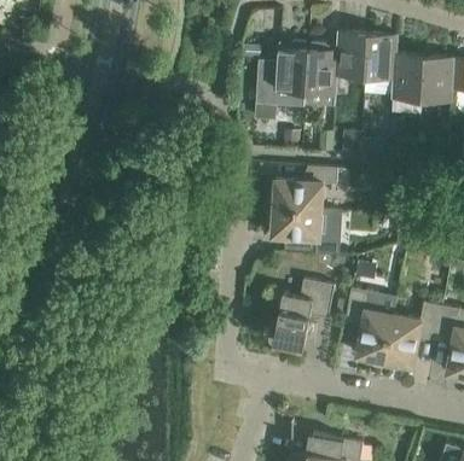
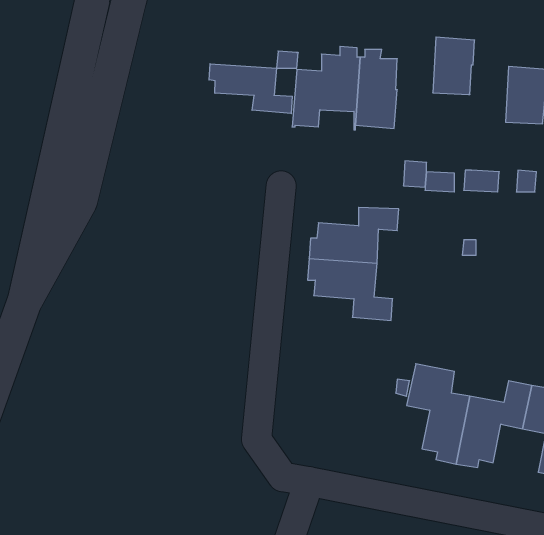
building: [336,33,367,77] -> none
building: none -> [209,64,292,114]
building: [392,56,424,100] -> none
building: [268,279,335,348] -> none

